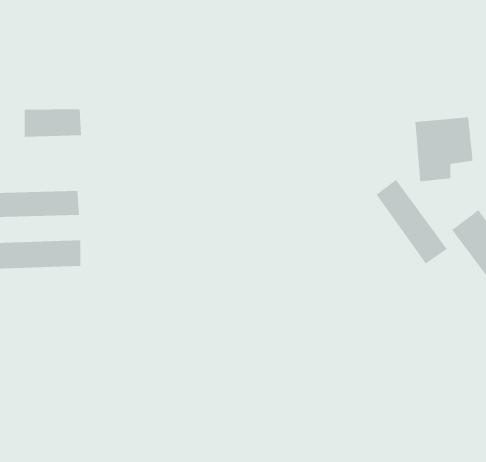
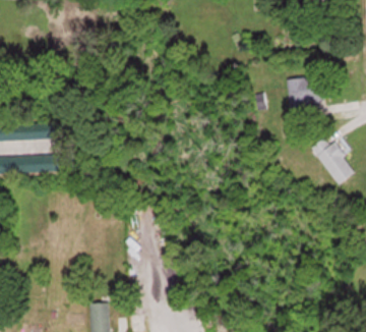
building: [24,108,82,137] -> none
building: [376,179,448,264] -> none

